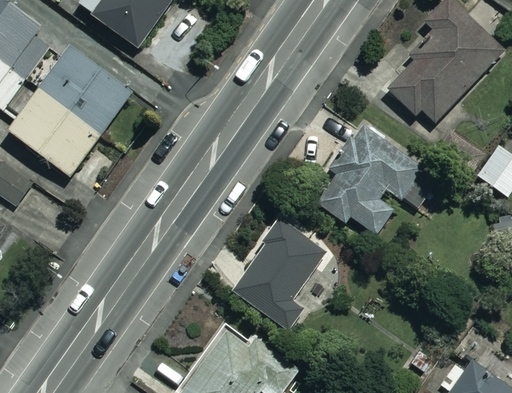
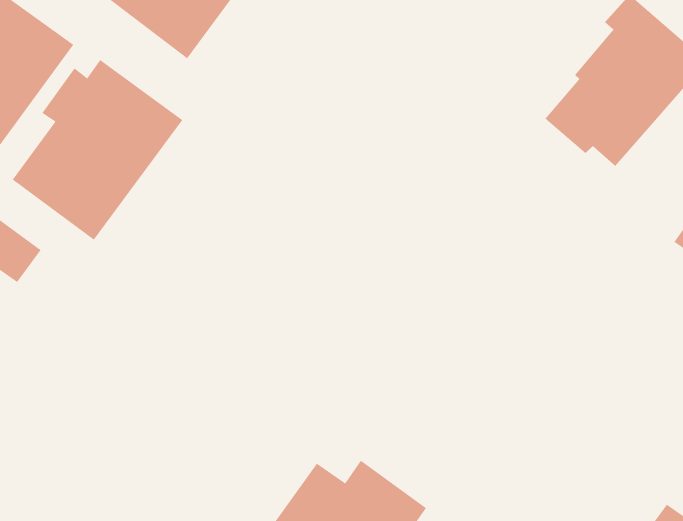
building: [316,125,423,235] -> none
building: [233,219,329,330] -> none

